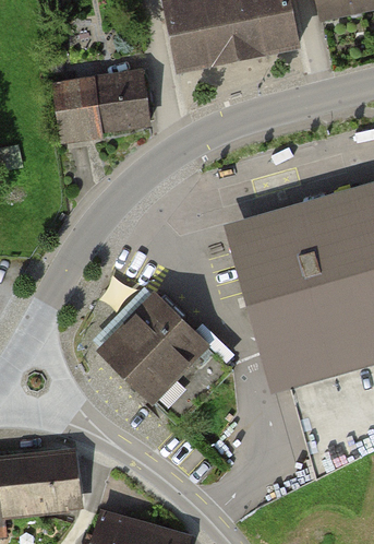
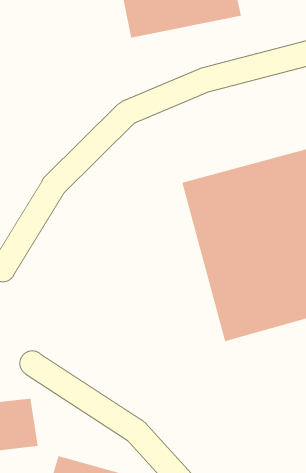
building: [60,74,155,138] -> none
building: [101,296,229,423] -> none

